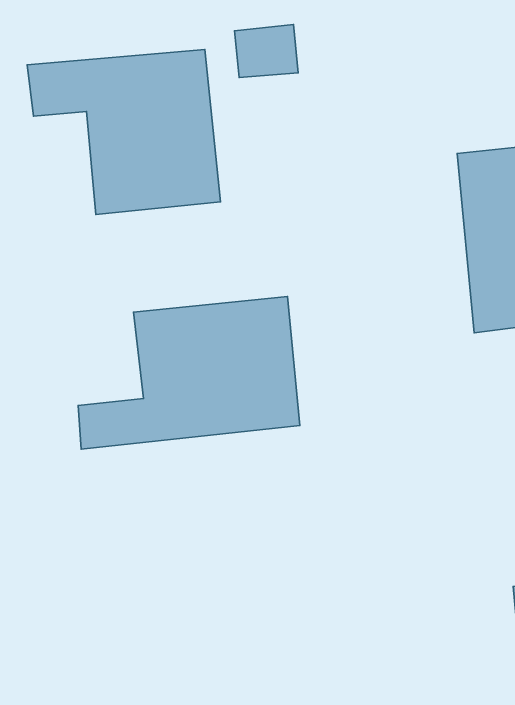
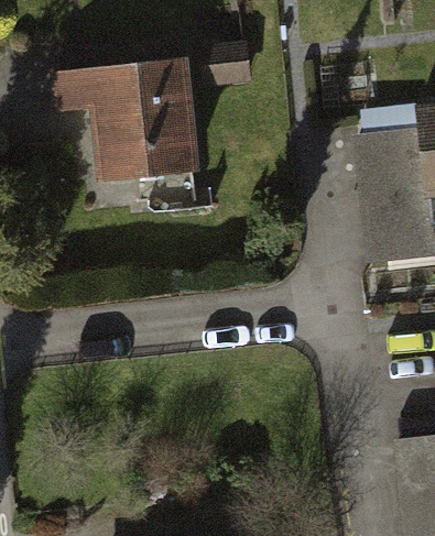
building: [78,297,300,449] -> none

